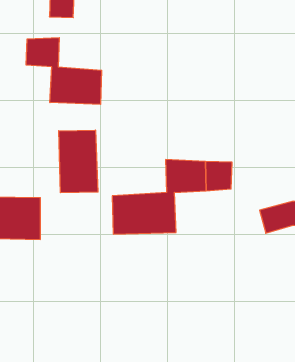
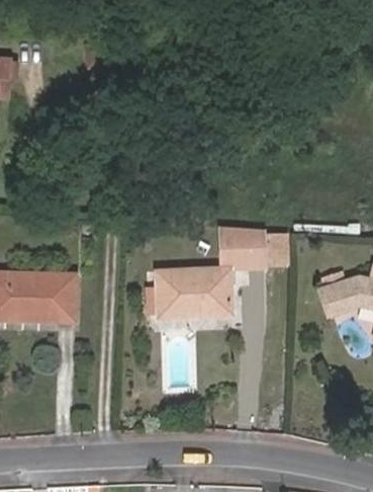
building: [26,38,102,104] -> none
building: [59,130,98,193] -> none

